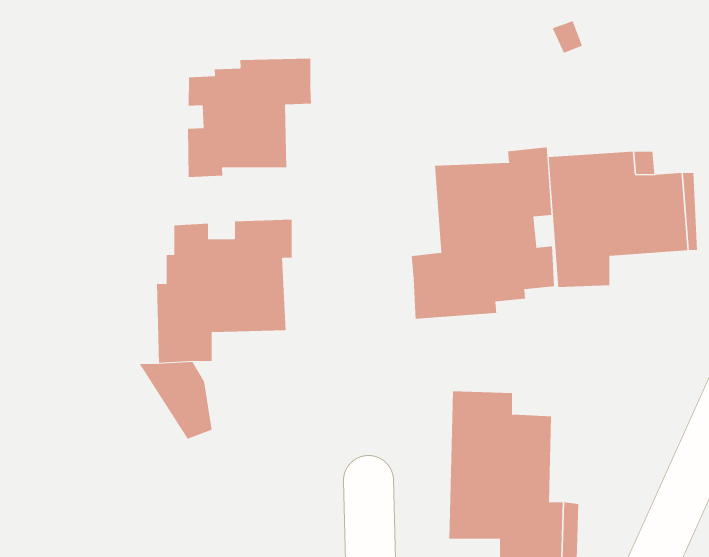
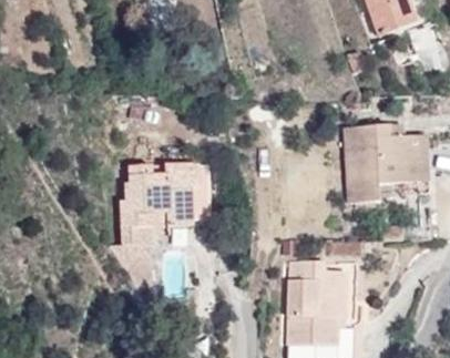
building: [187,58,312,178] -> none
building: [411,147,555,320] -> none

